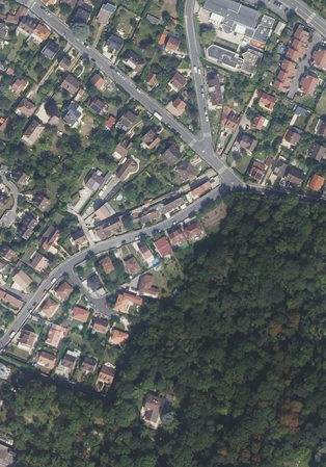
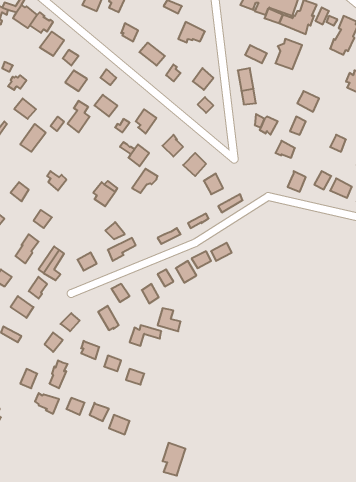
building: [273,58,296,92] -> none

